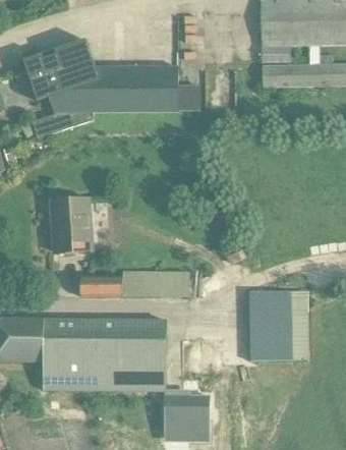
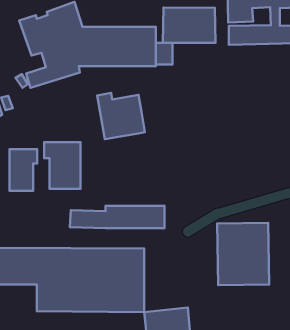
building: none -> [163,8,215,43]
building: none -> [97,93,145,139]
building: none -> [9,149,37,191]

